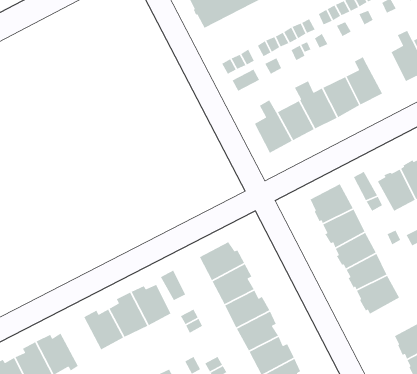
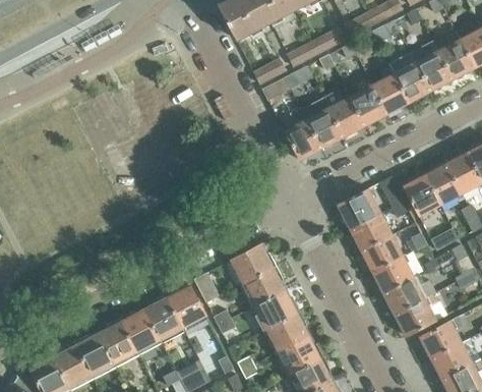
building: none -> [394,61,430,102]
building: none -> [396,299,436,336]
building: none -> [98,318,136,368]

